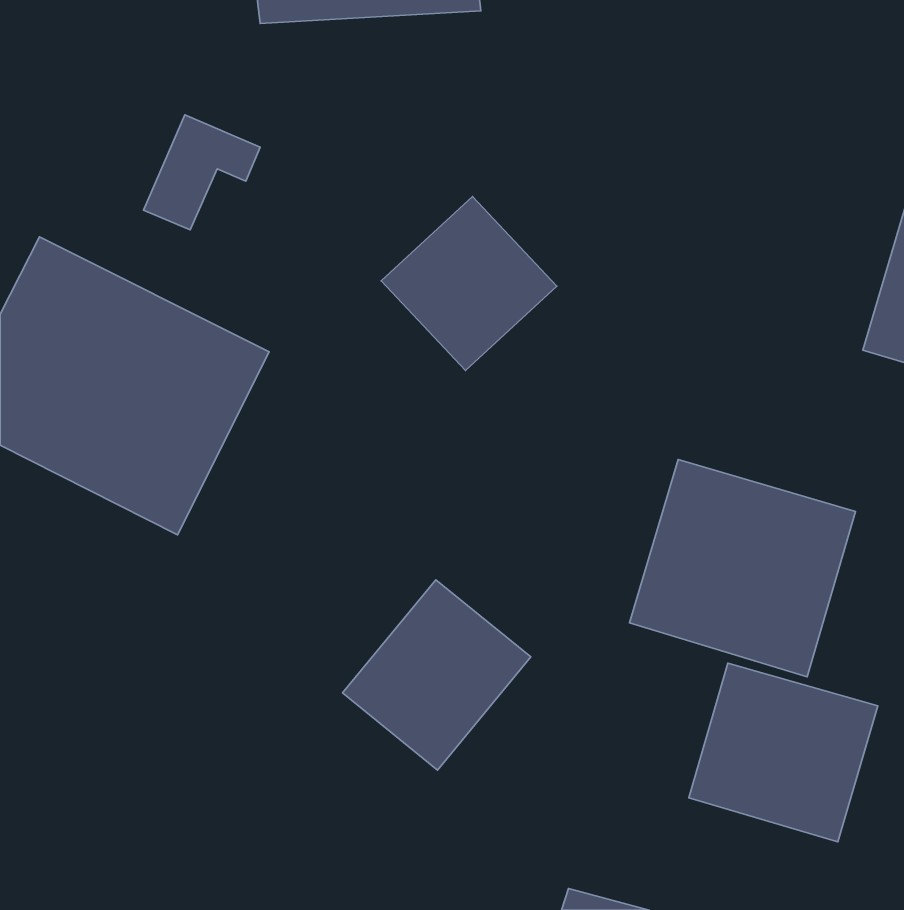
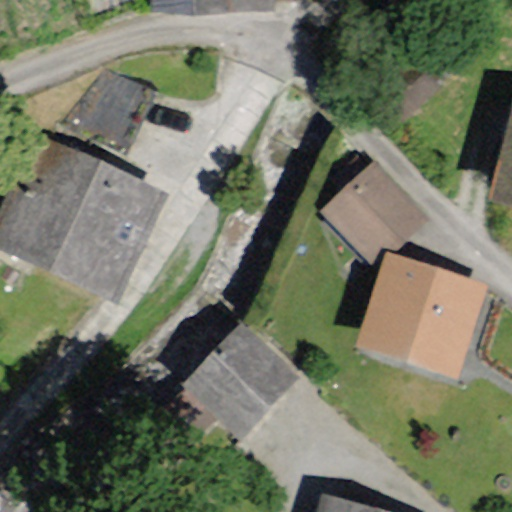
building: [381,196,557,370] -> [323,159,421,256]
building: [689,663,878,842] -> none

